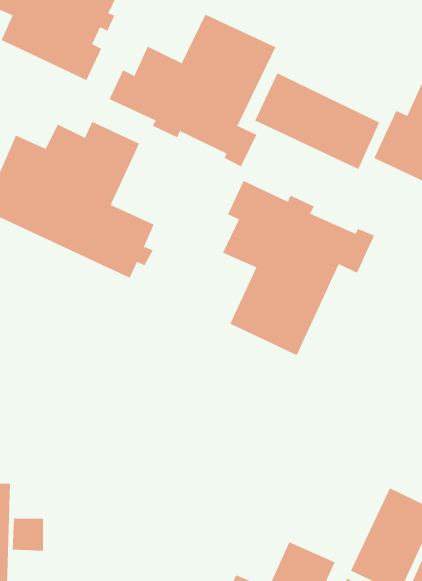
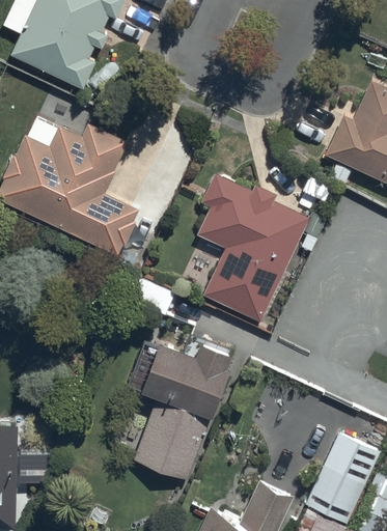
building: [109,14,276,167] -> none
building: [255,73,380,170] -> none
building: none -> [127,341,233,480]

